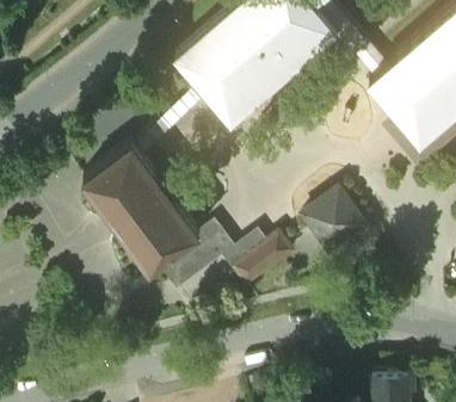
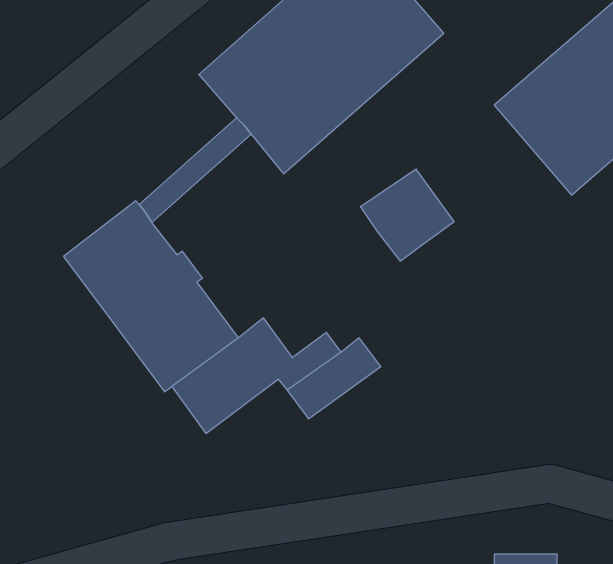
building: [304,191,366,252] -> [360,169,454,261]

